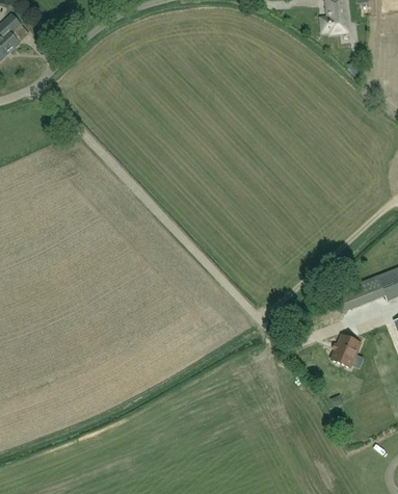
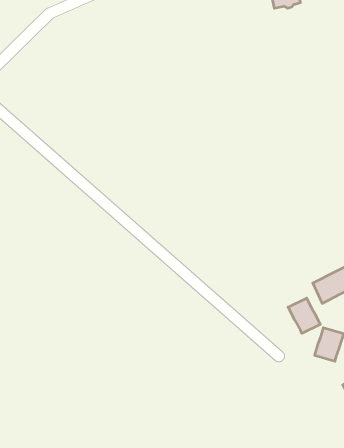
building: none -> [288,298,320,333]

